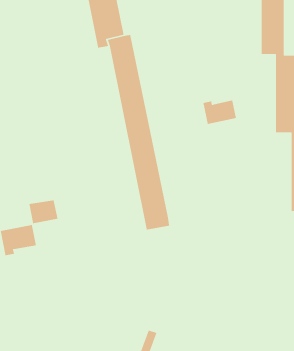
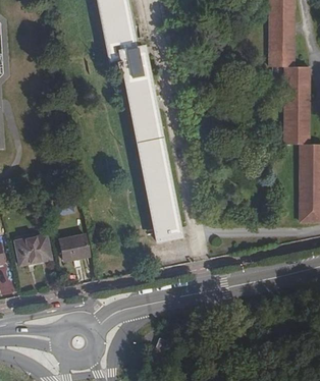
building: [202,100,237,125] -> none
building: [28,199,58,224] -> [59,238,89,263]

